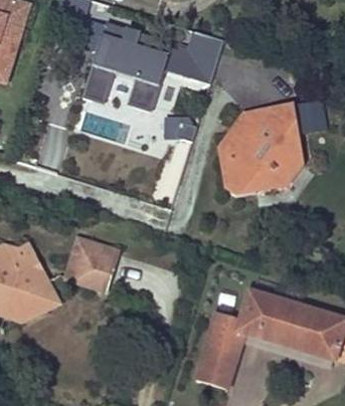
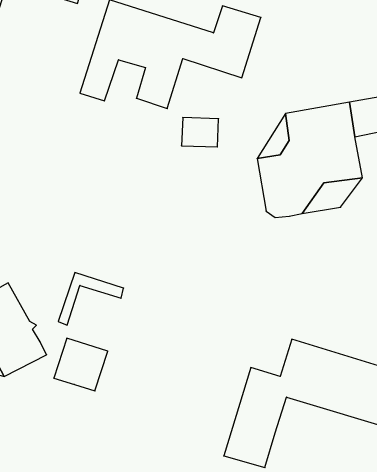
building: [73,247,116,288] -> [54,338,108,391]

